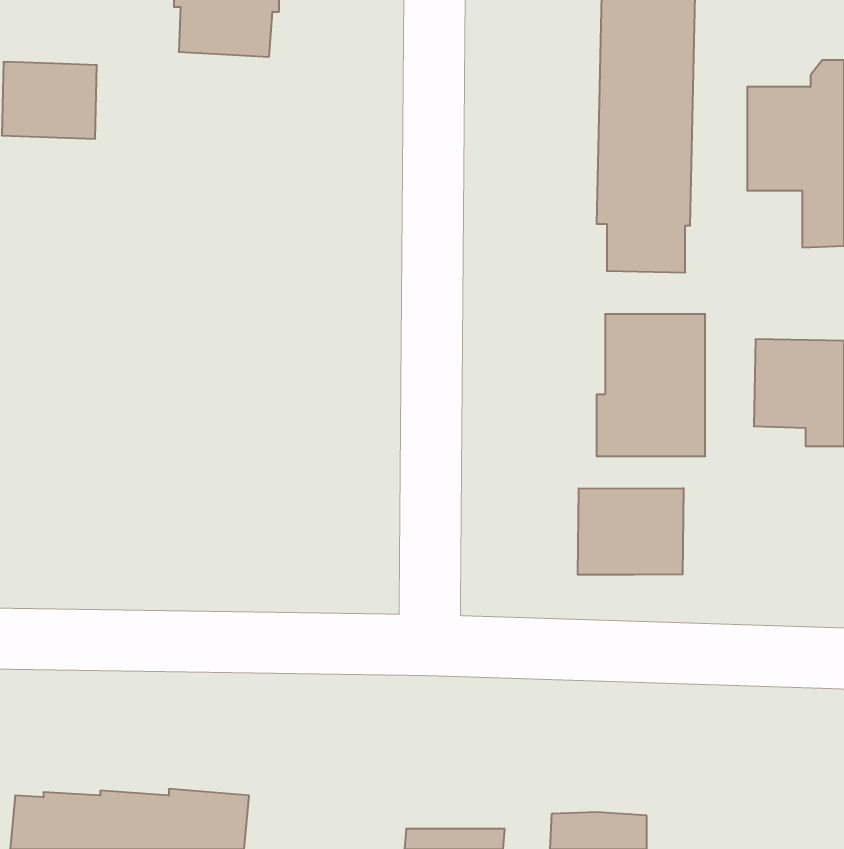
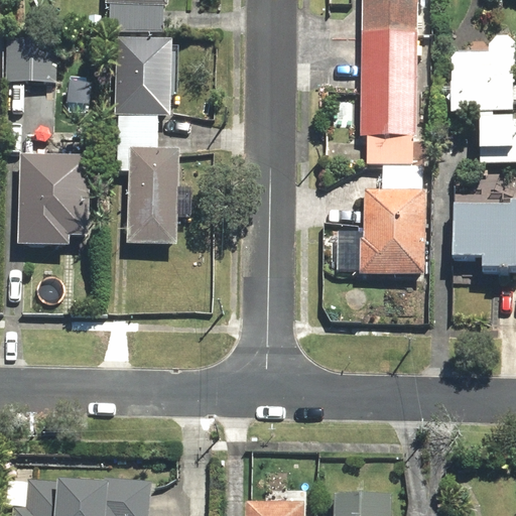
building: none -> [115,38,180,246]
building: none -> [17,154,92,247]
building: [578,488,683,575] -> none

